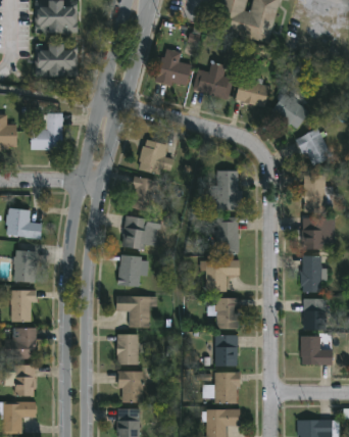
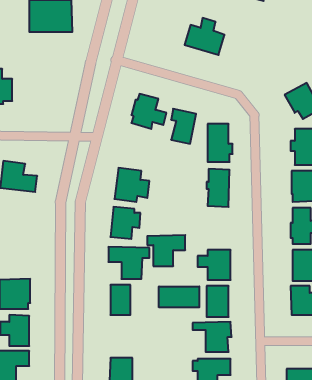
building: [155,48,192,86] -> none
building: [235,76,270,107] -> none
building: [273,90,310,128] -> none
building: [31,113,62,149] -> none
building: [131,176,156,211] -> [171,109,196,144]
building: [12,250,37,282] -> none
building: [200,259,239,291] -> [147,235,185,266]
building: [9,289,36,322] -> none
building: none -> [159,286,199,307]
building: [117,372,143,402] -> none

